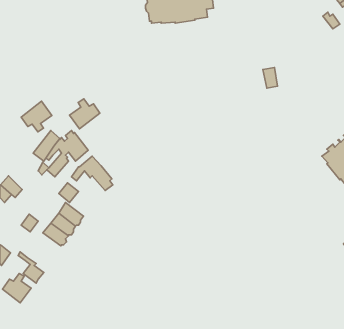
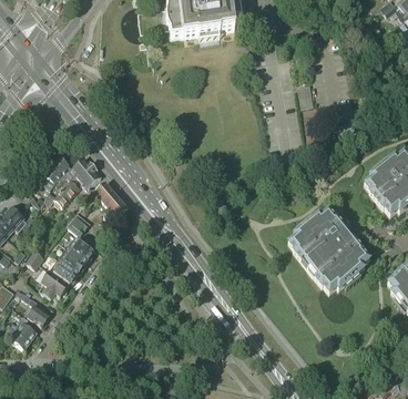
building: [70,99,100,129] -> none
building: [21,101,52,132] -> none
building: none -> [288,211,369,294]
building: none -> [39,270,69,298]

